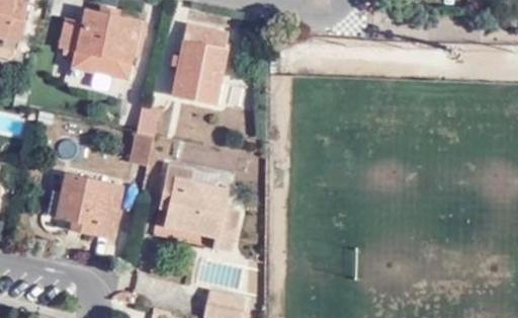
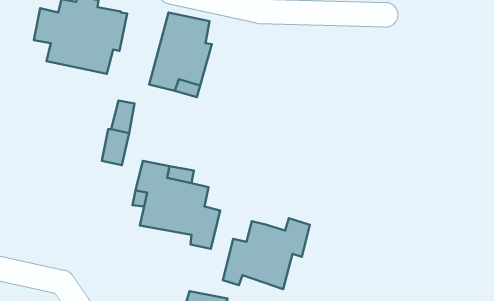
building: [53,172,119,239] -> none
building: none -> [223,218,310,289]

